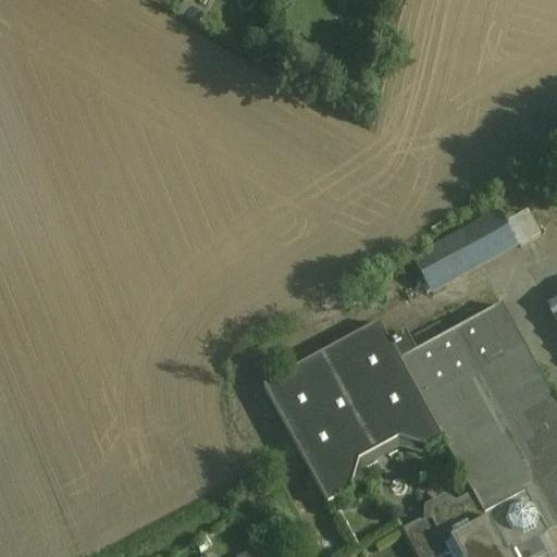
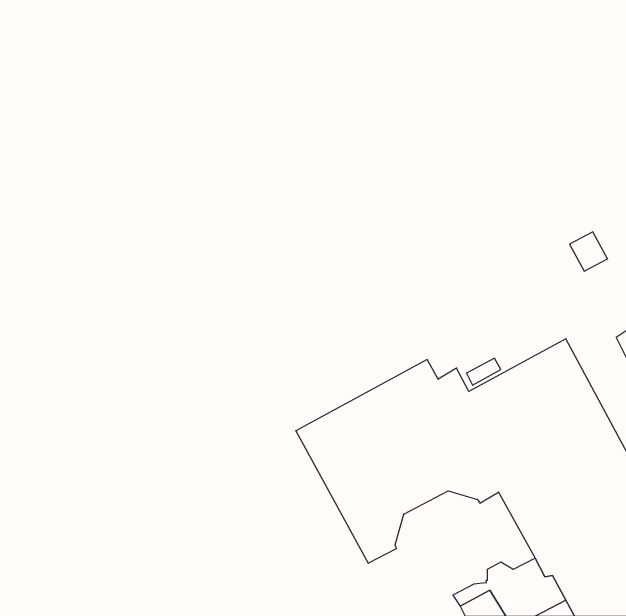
building: [412,208,515,285] -> none

